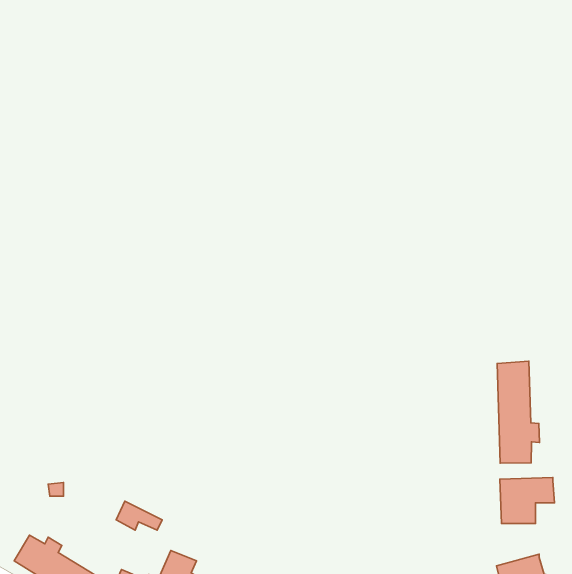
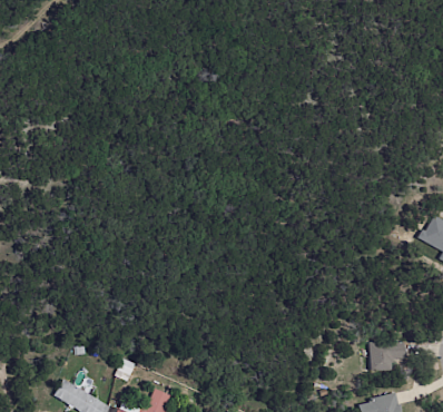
building: [497,361,539,463] -> none

